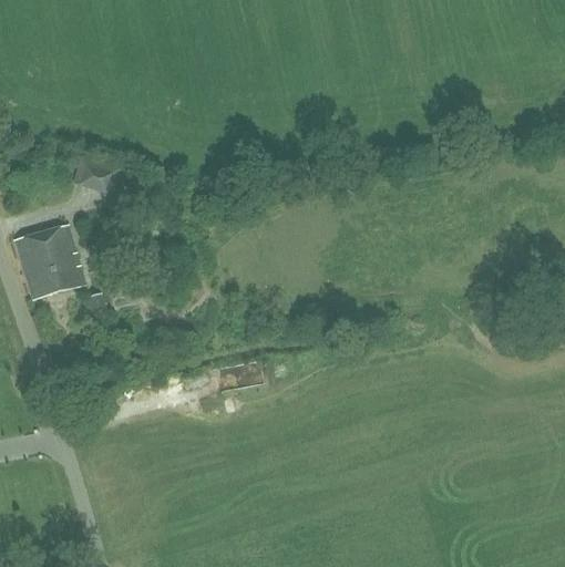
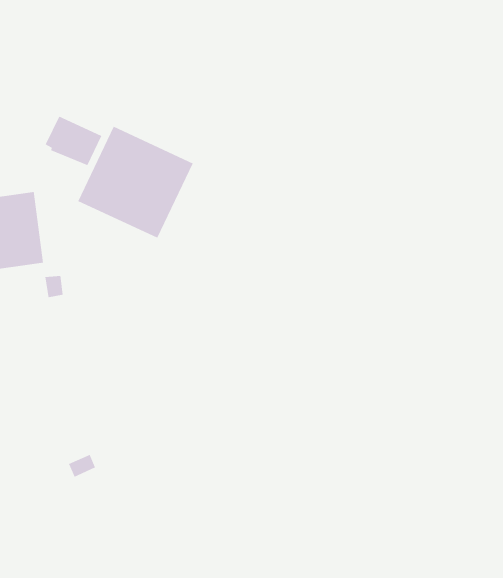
building: none -> [78,126,194,238]

